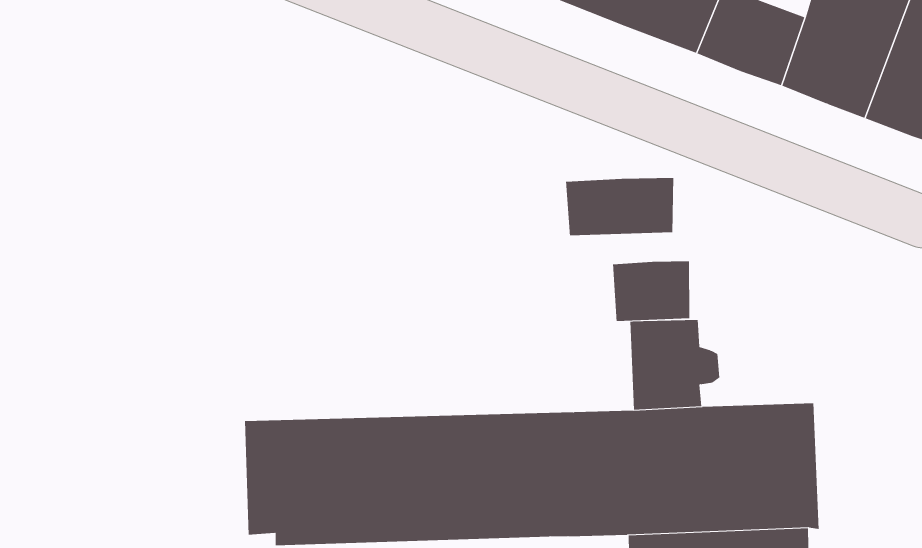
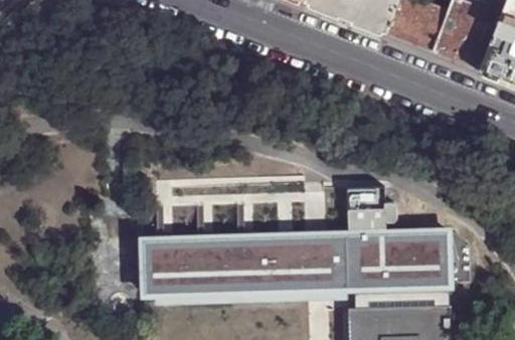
building: [566,177,674,236] -> none
building: [612,260,690,322] -> none

